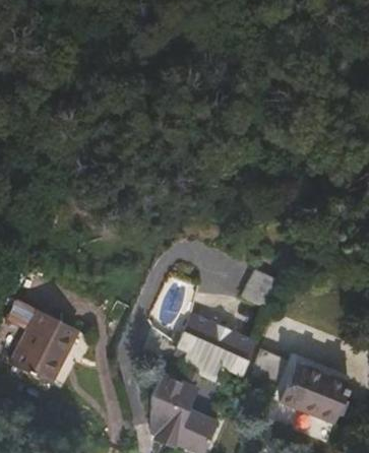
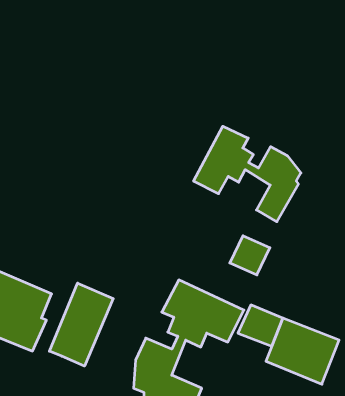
building: none -> [194,126,301,222]
building: none -> [49,283,113,366]

